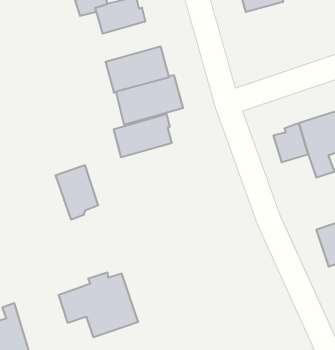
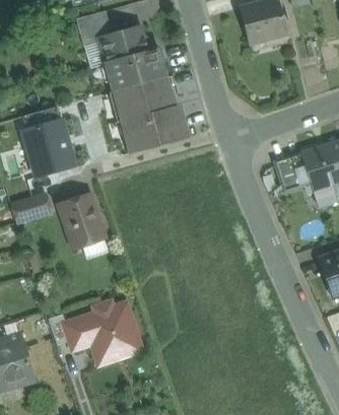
building: none -> [22,119,74,176]
building: [114,114,172,157] -> [107,48,164,90]
building: none -> [11,194,52,222]

